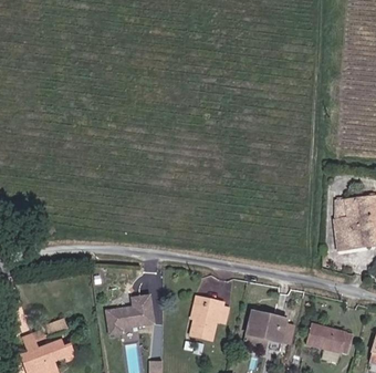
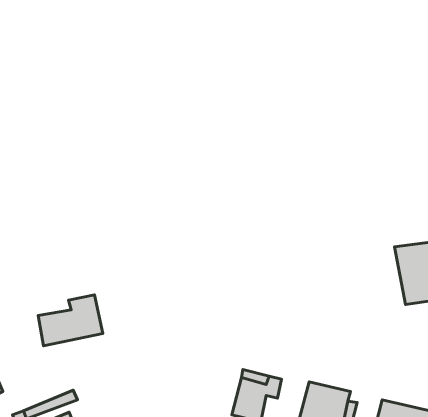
building: [103,291,155,332] -> [38,295,103,346]

